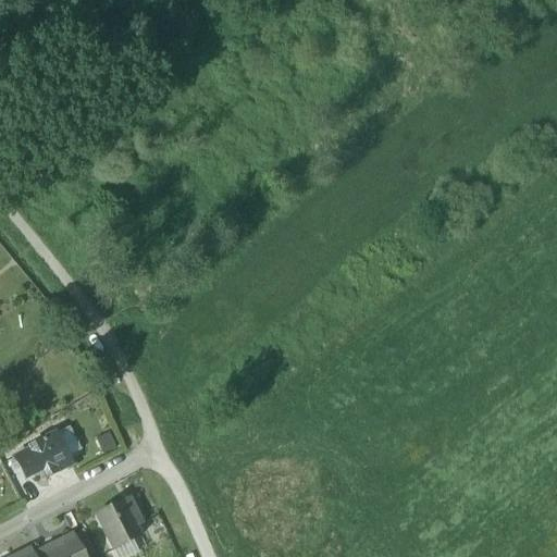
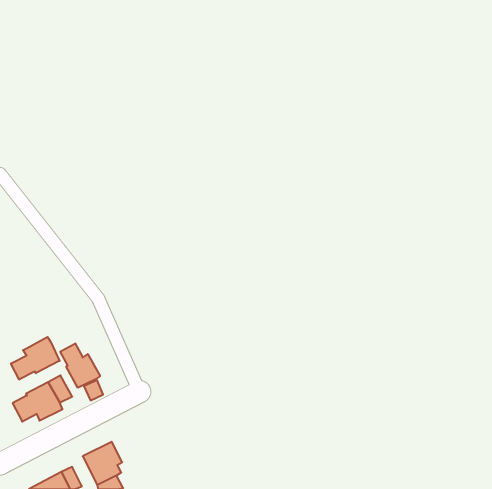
building: none -> [11,337,60,380]
building: none -> [60,343,100,388]

